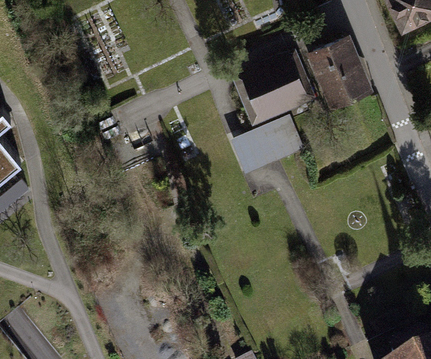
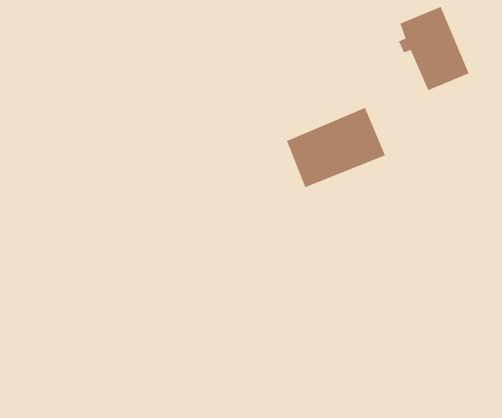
building: [248,59,302,105] -> none

